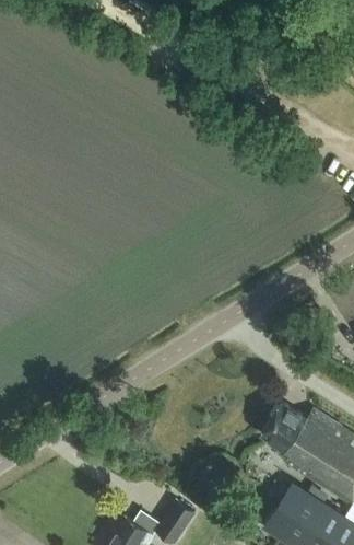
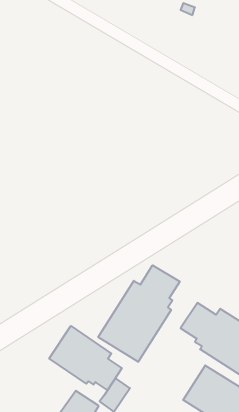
building: none -> [98,265,180,362]
building: none -> [49,326,122,390]

